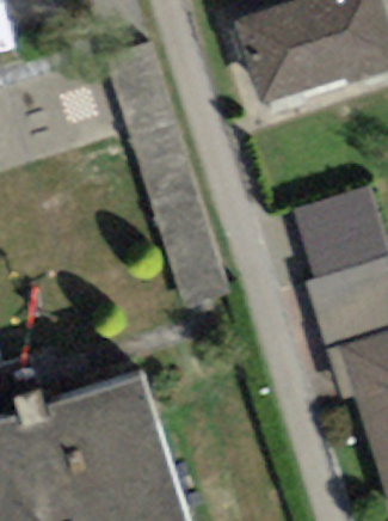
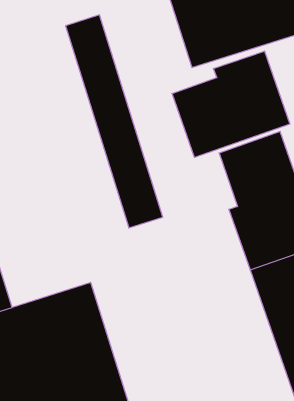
building: none -> [172,51,290,157]

